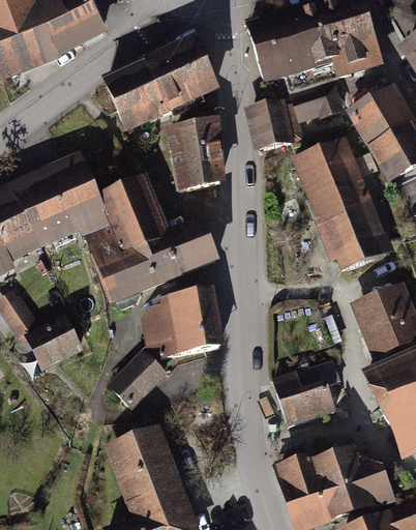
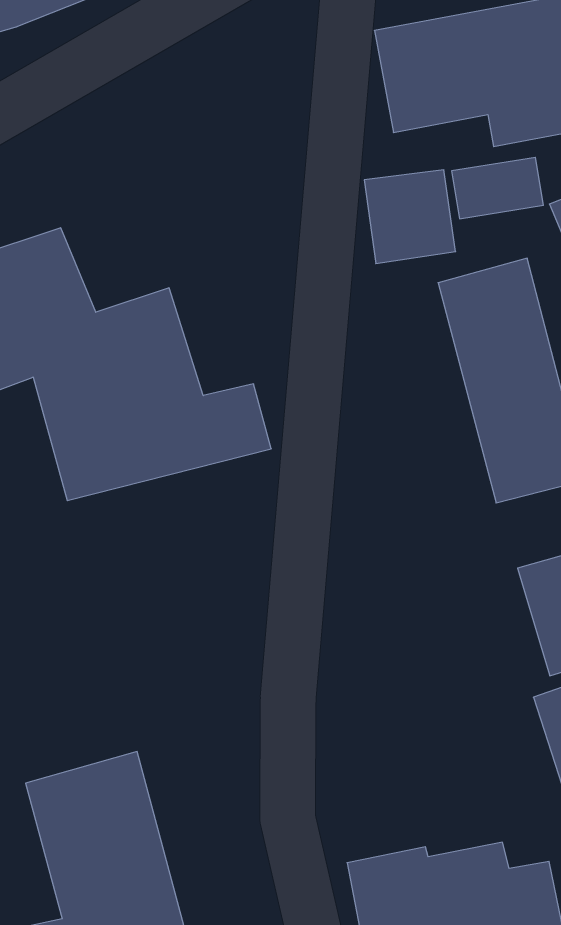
building: [99,40,211,126] -> none
building: [162,118,216,190] -> none
building: [109,292,230,411] -> none
building: [273,360,333,423] -> none

